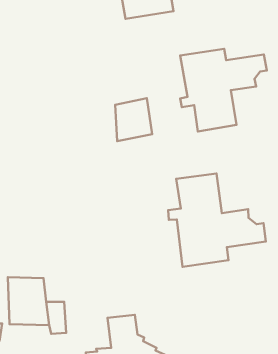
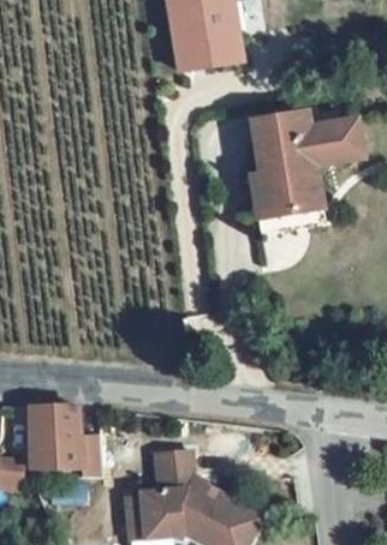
building: [115,98,152,141] -> none
building: [168,174,266,267] -> none

